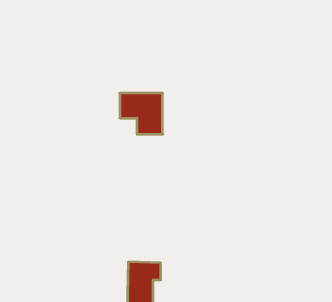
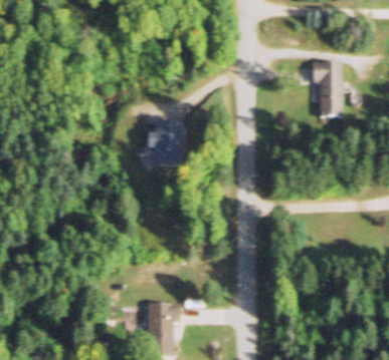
building: none -> [313,62,344,117]

